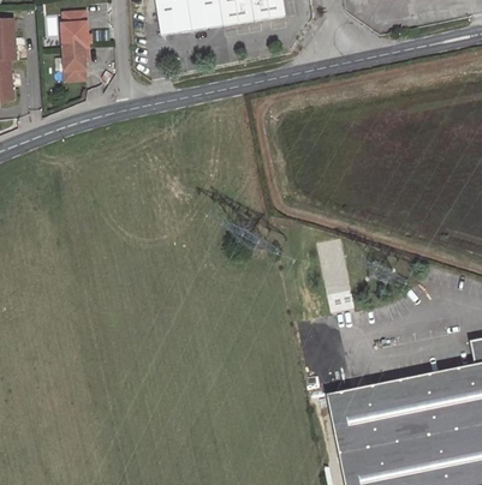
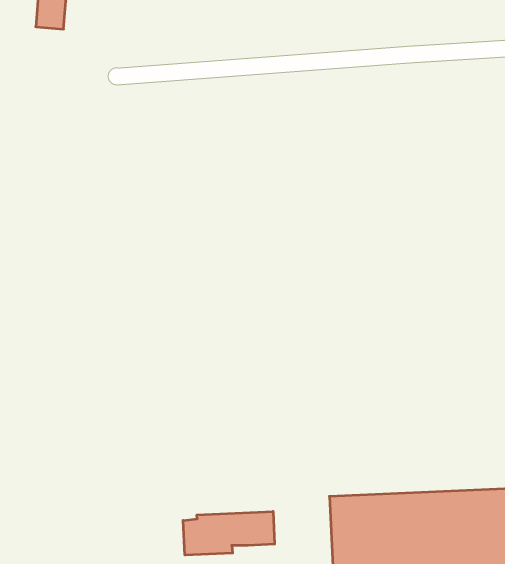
building: none -> [183,511,275,555]

